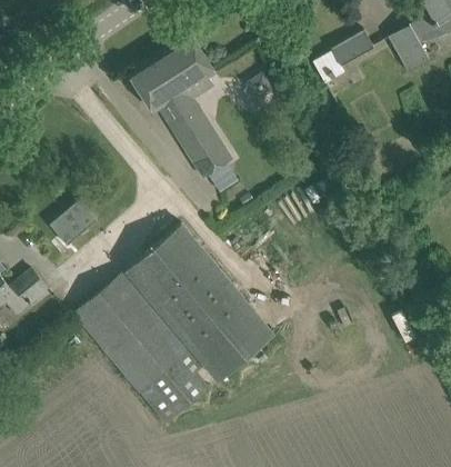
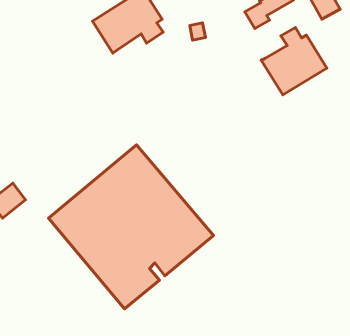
building: none -> [261,27,327,95]
building: [158,89,232,179] -> none
building: [52,197,100,244] -> none

